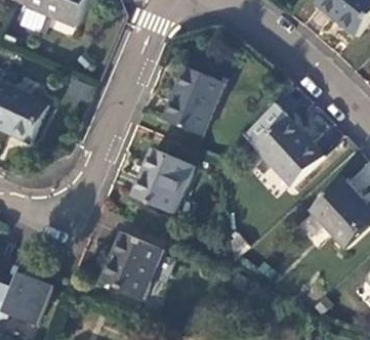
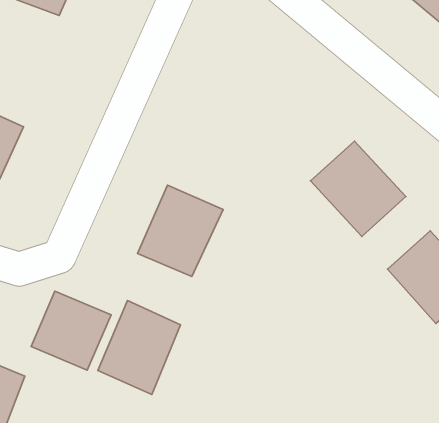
building: [162,67,222,136] -> none
building: none -> [31,291,111,370]

